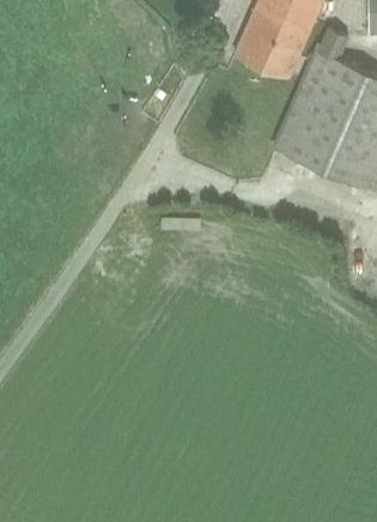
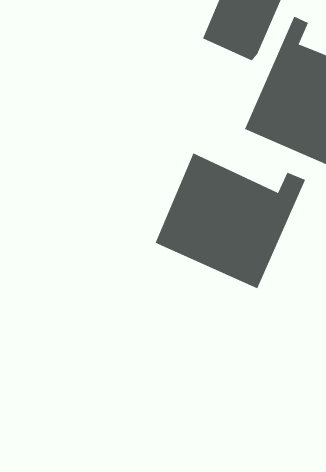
building: none -> [155,153,306,289]

